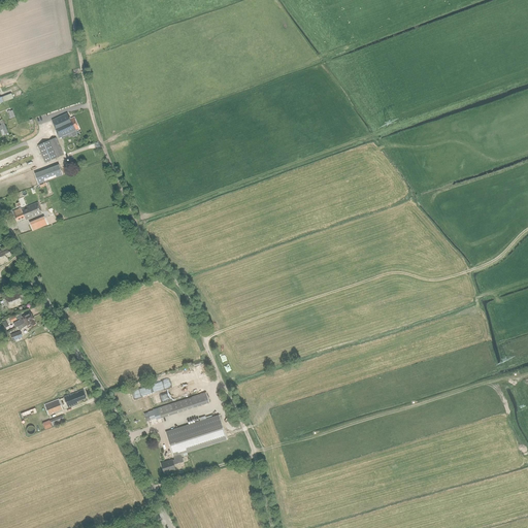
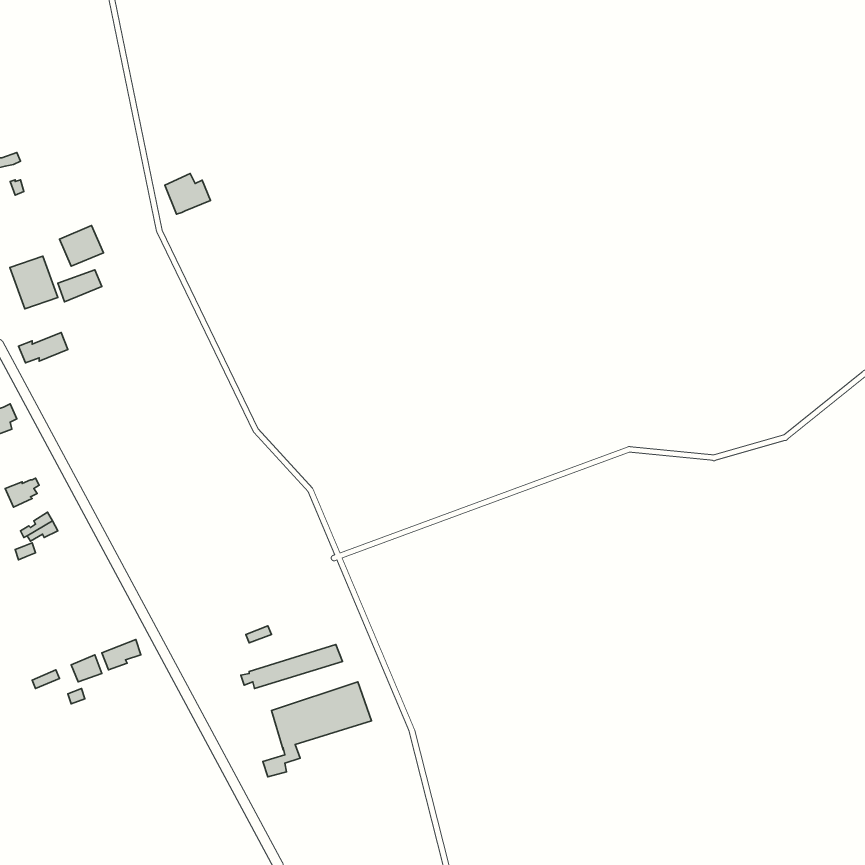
building: [51,112,78,137] -> [165,173,211,214]
building: none -> [10,256,58,309]

